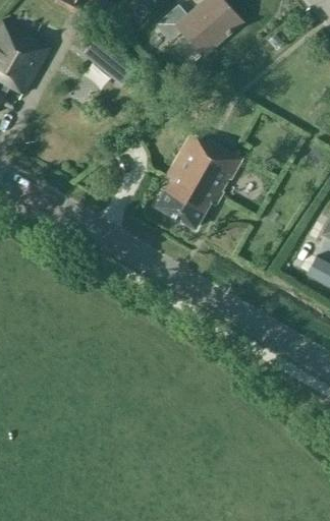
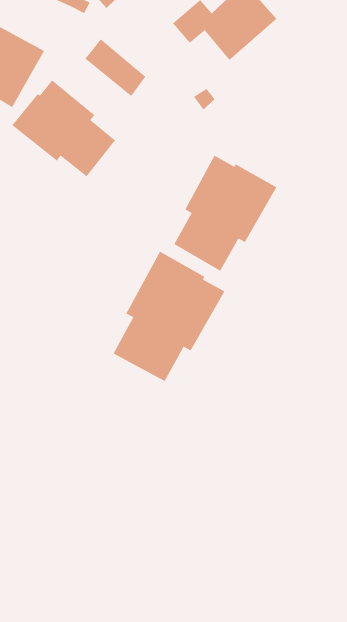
building: none -> [12,79,116,177]
building: none -> [113,251,225,382]

